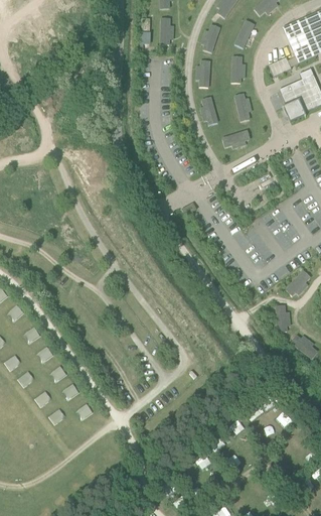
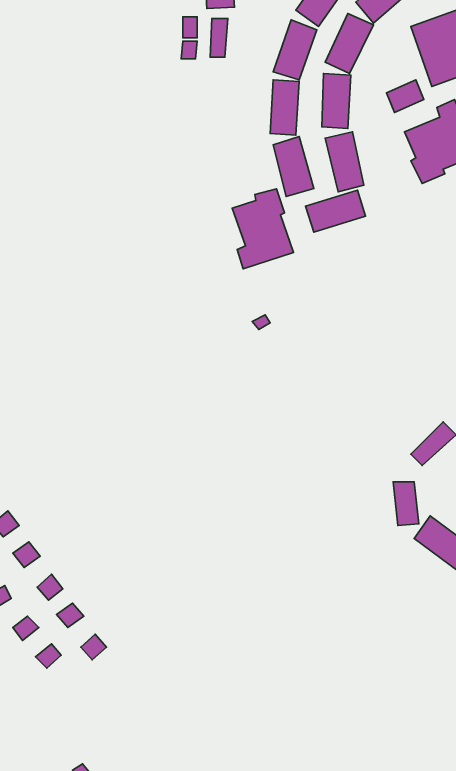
building: none -> [232,189,294,269]

